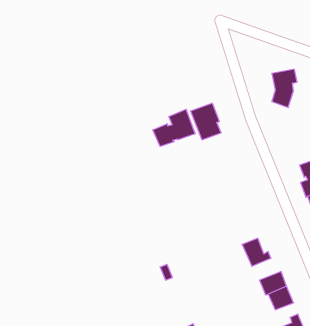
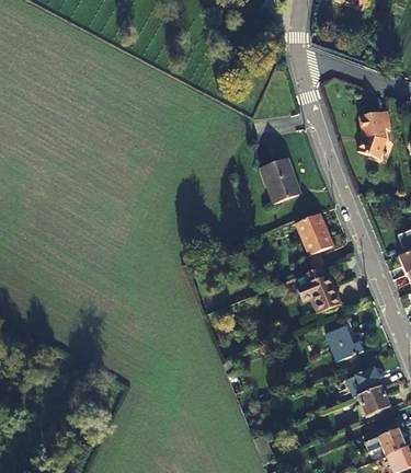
building: [153,109,195,146] -> none
building: none -> [298,214,333,255]
building: none -> [297,269,341,314]

